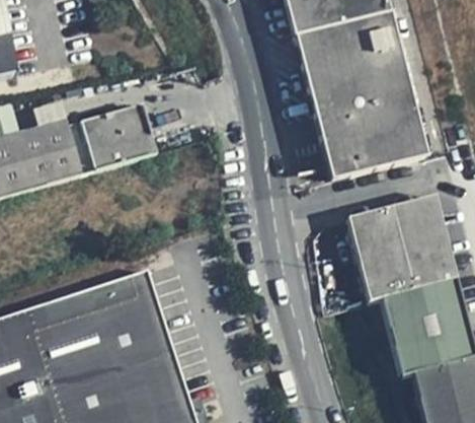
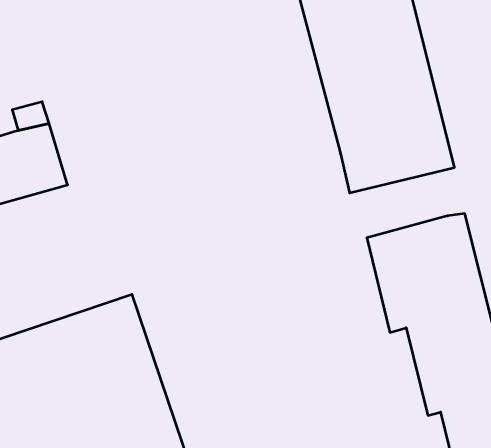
building: [84,108,153,169] -> none

